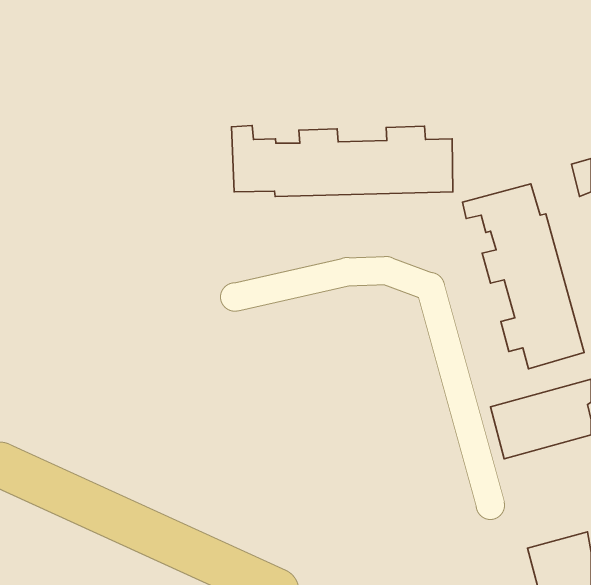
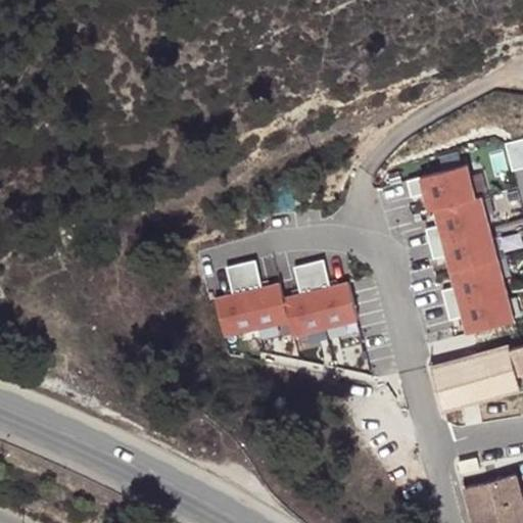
building: [232,125,453,197] -> none
building: none -> [217,262,358,338]

